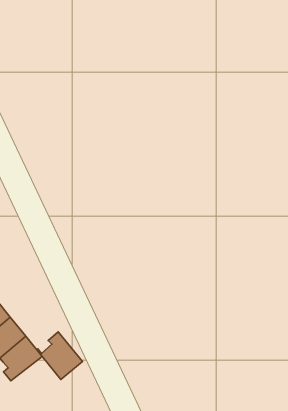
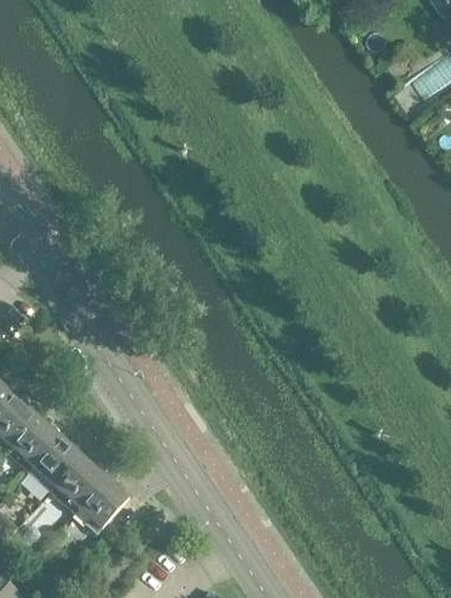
building: [37,332,82,380] -> none

